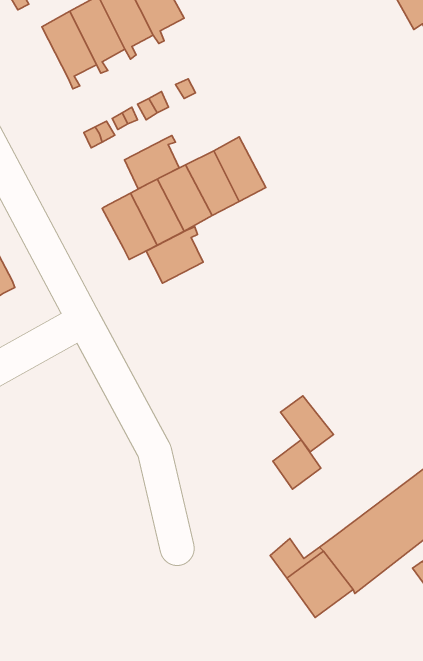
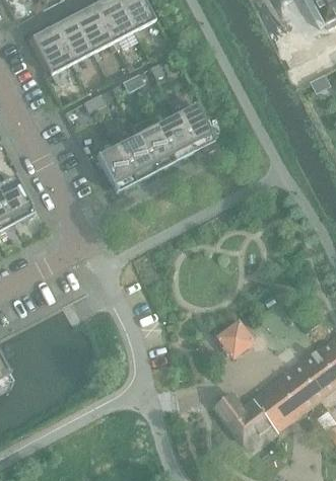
building: none -> [29,24,71,79]
building: [124,136,179,189] -> none
building: [146,227,203,283] -> none
building: [280,396,333,452] -> none

